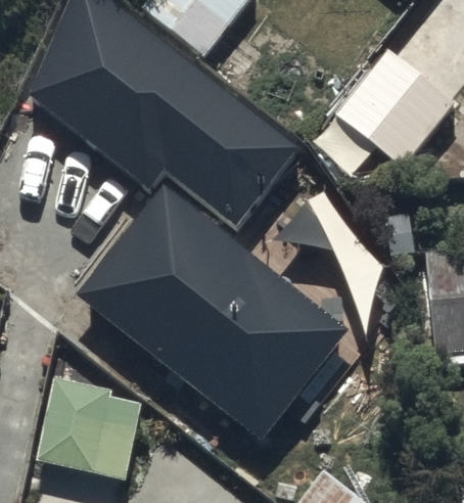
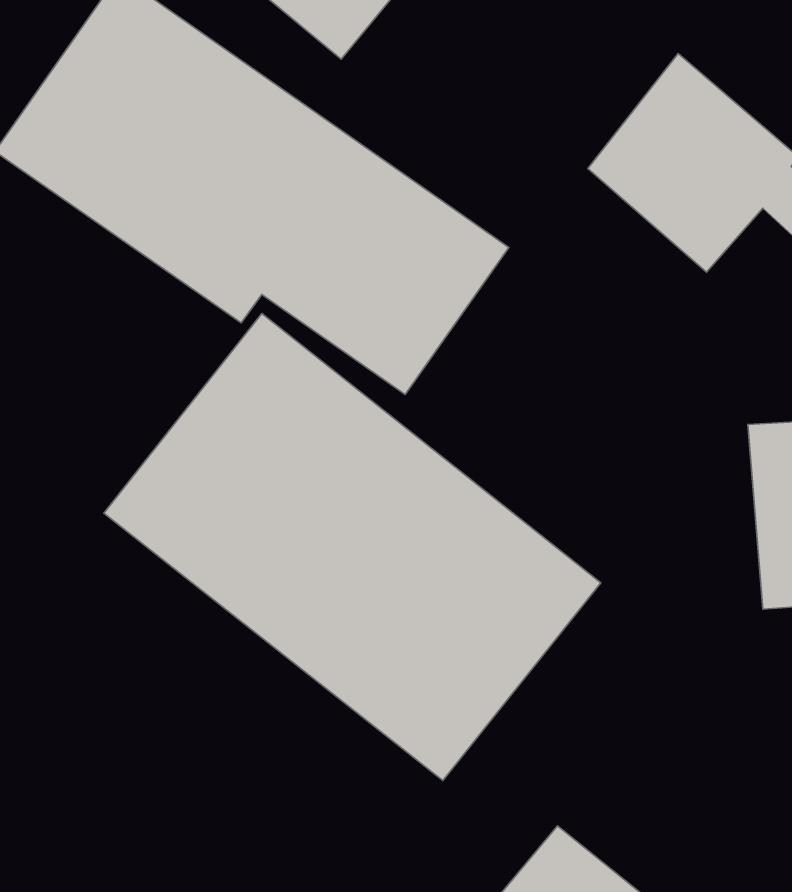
building: [39,374,142,475] -> none

